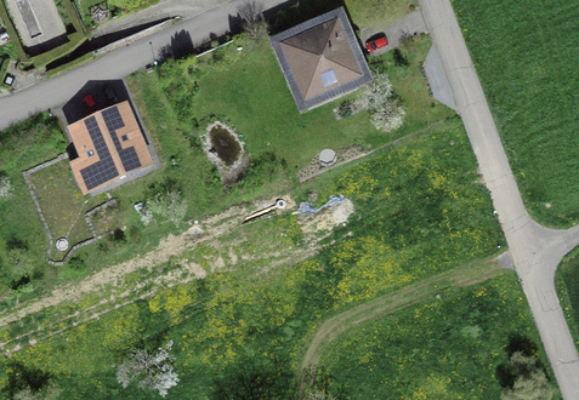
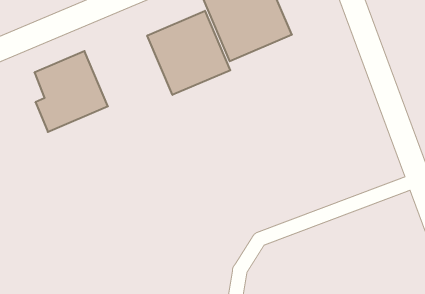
building: none -> [147,11,230,95]

